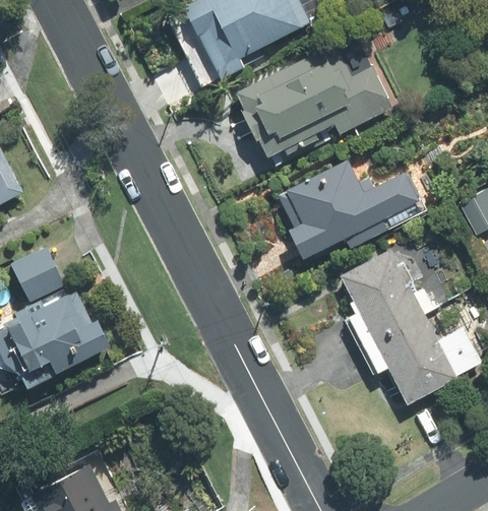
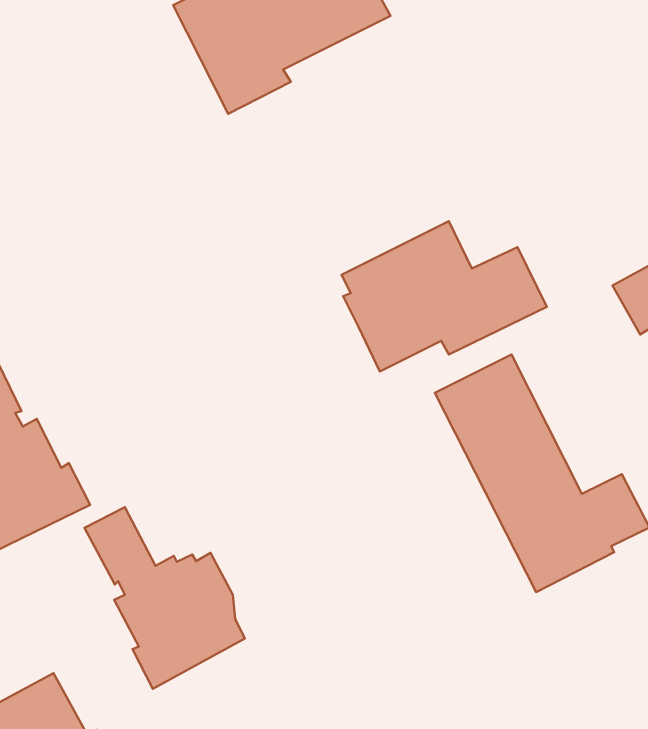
building: [235,44,392,157] -> none
building: none -> [85,507,245,689]

